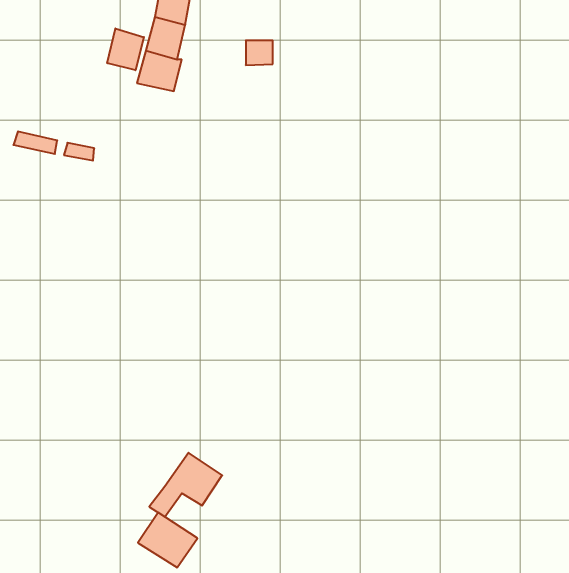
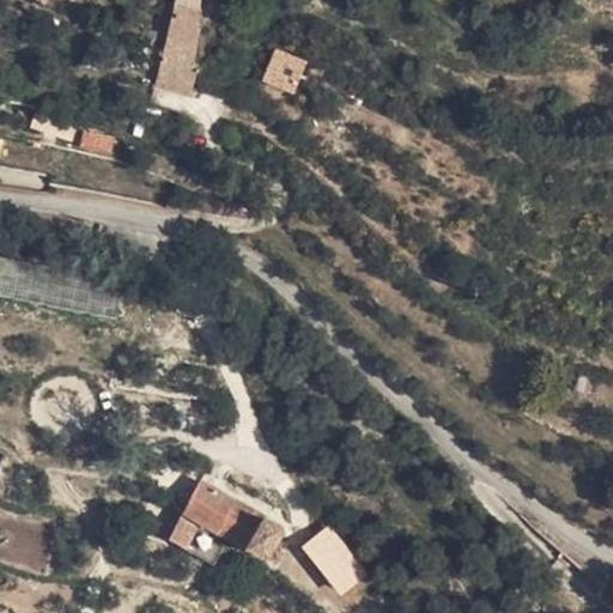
building: [107,28,144,70] -> none
building: none -> [304,523,370,596]
building: [138,512,197,567] -> [220,506,284,565]

